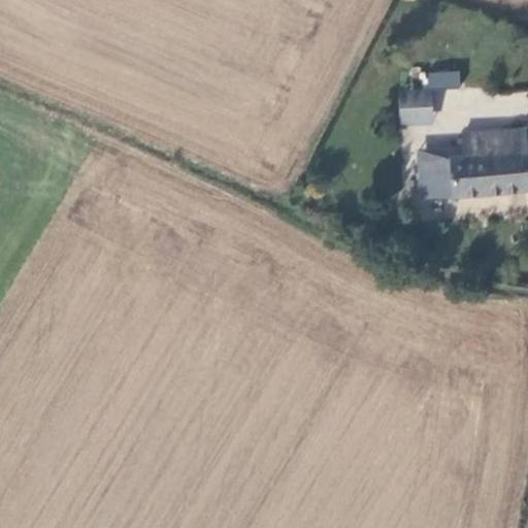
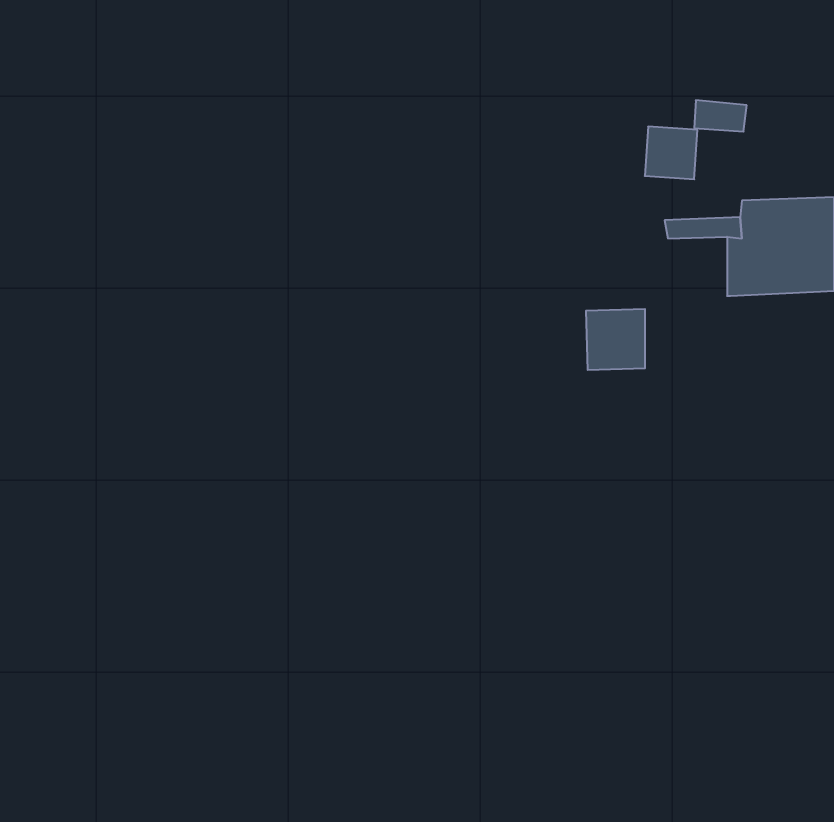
building: [419,160,456,198] -> [586,309,645,370]

